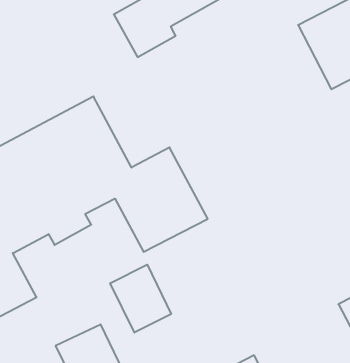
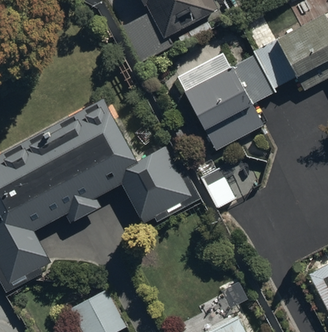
building: none -> [182,41,295,149]
building: [110,265,171,333] -> none

